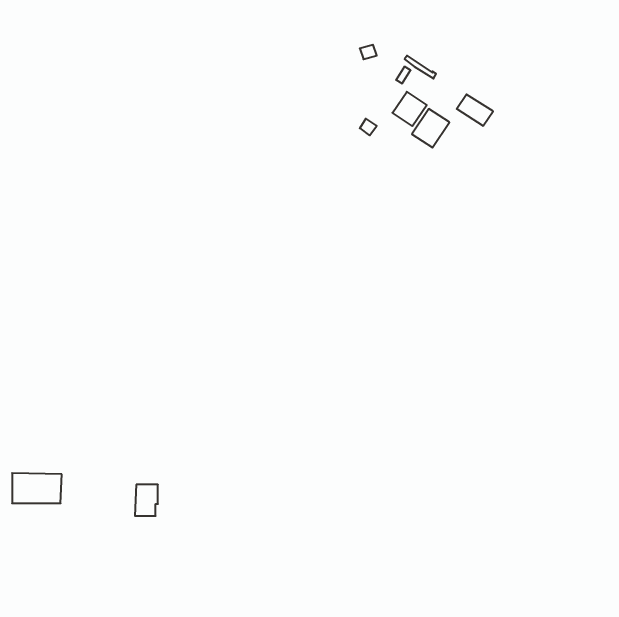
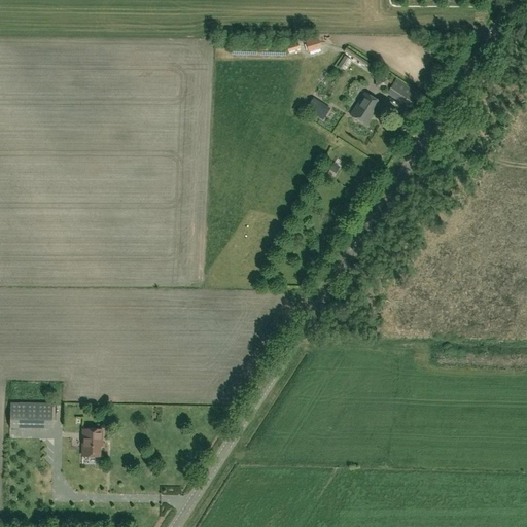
building: [392,92,427,126] -> none
building: [135,485,158,516] -> [82,429,102,456]

